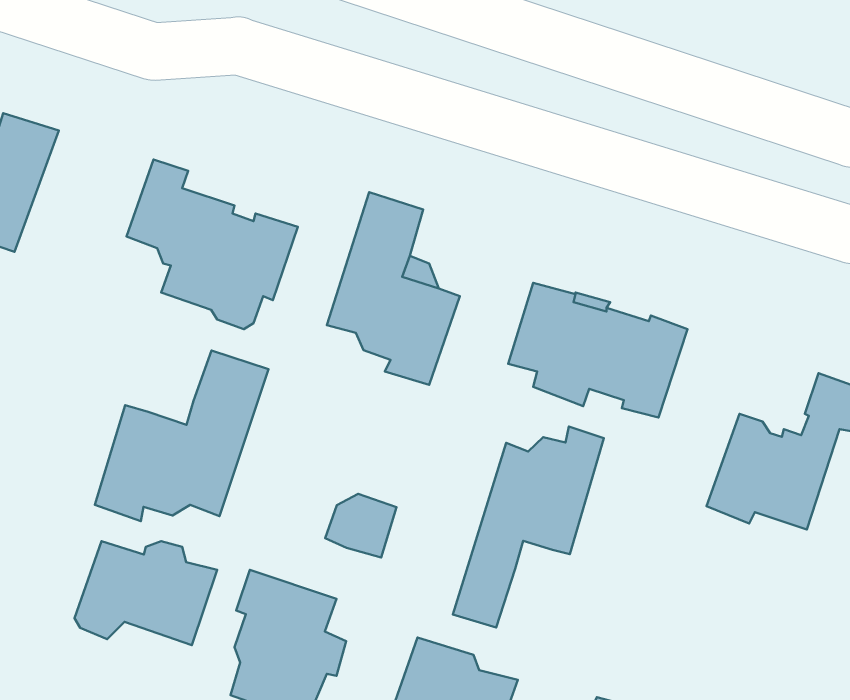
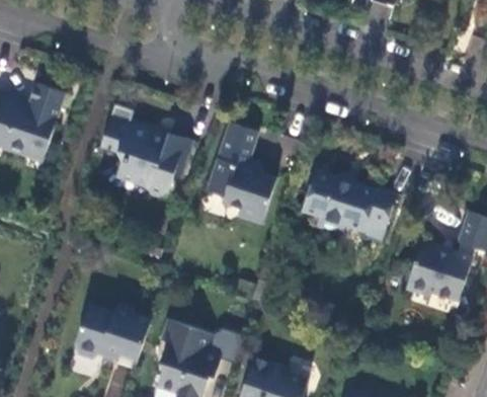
building: [95,350,269,521] -> none
building: [453,426,604,628] -> none
building: [325,494,397,557] -> [206,330,243,364]

